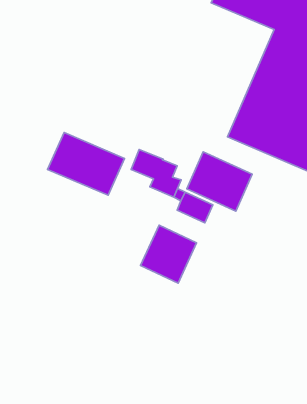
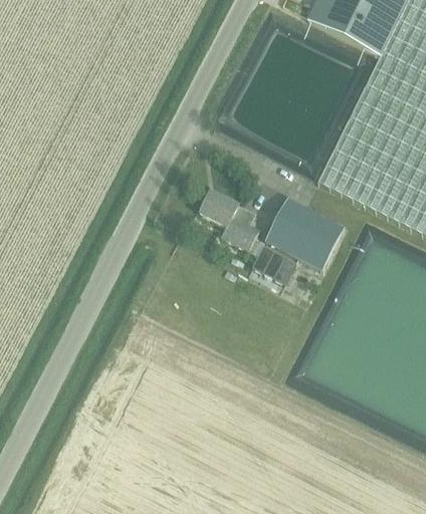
building: [48,132,125,195] -> none
building: [141,225,197,283] -> none

